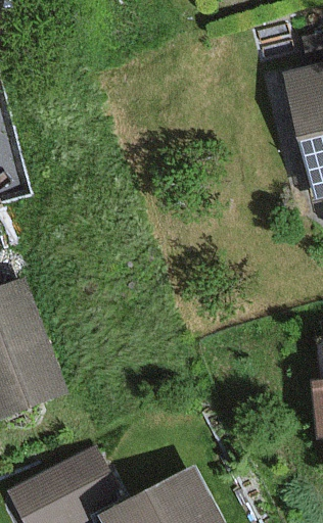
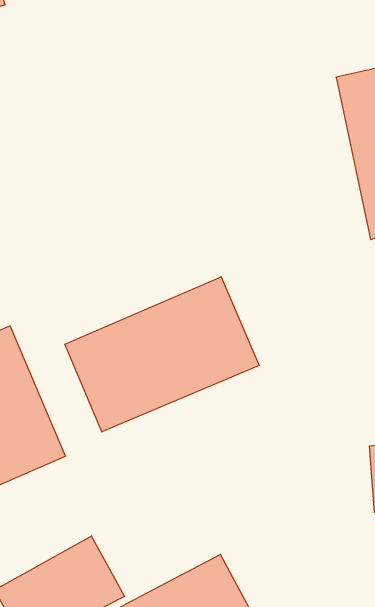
building: none -> [65,277,259,432]

